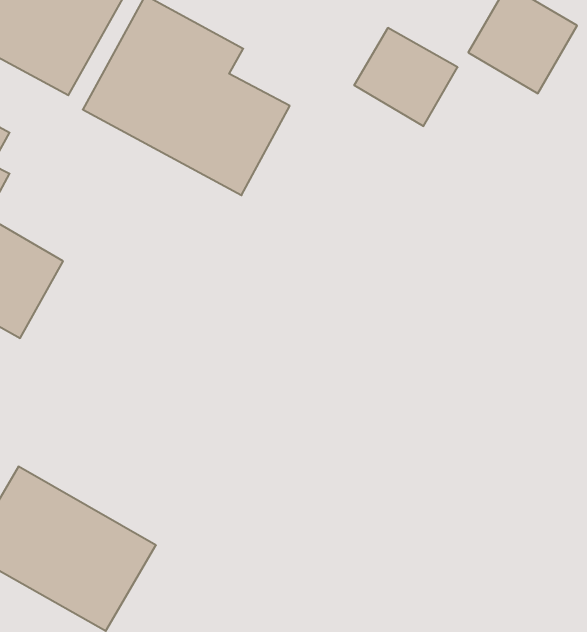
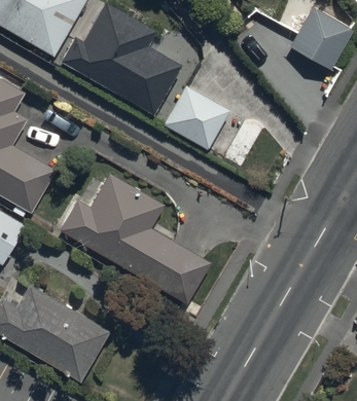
building: [354,28,458,126] -> [169,96,228,152]
building: none -> [52,171,199,291]

